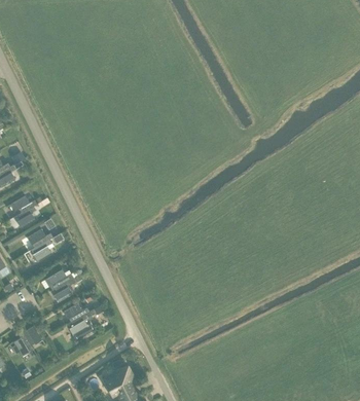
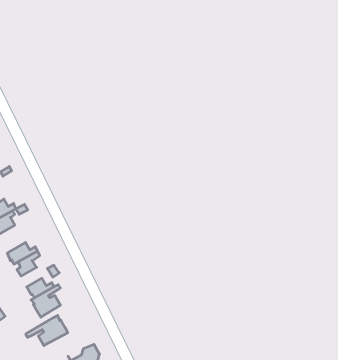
building: none -> [26,315,68,346]

